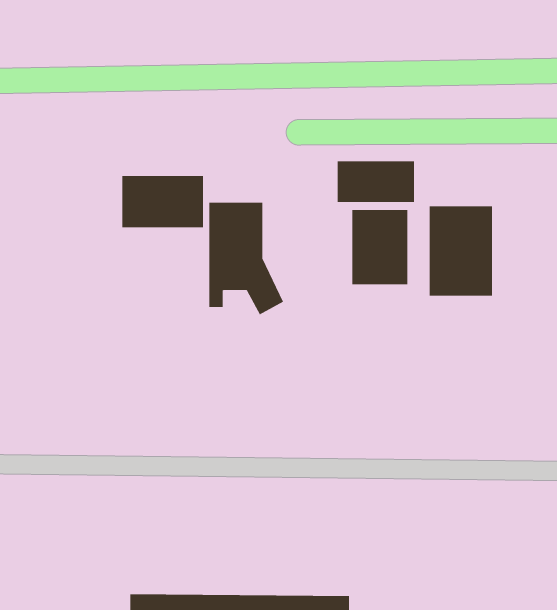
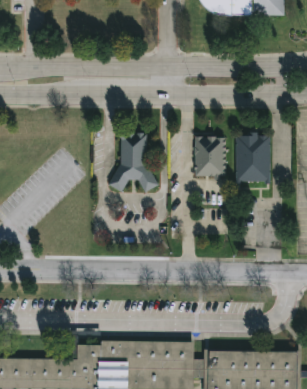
building: [337,161,415,203] -> none
building: [122,175,204,228] -> none

